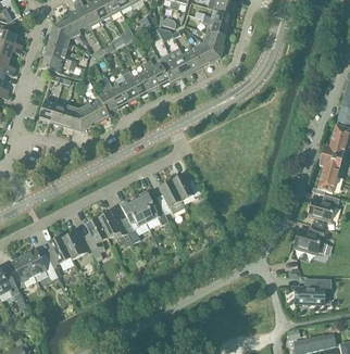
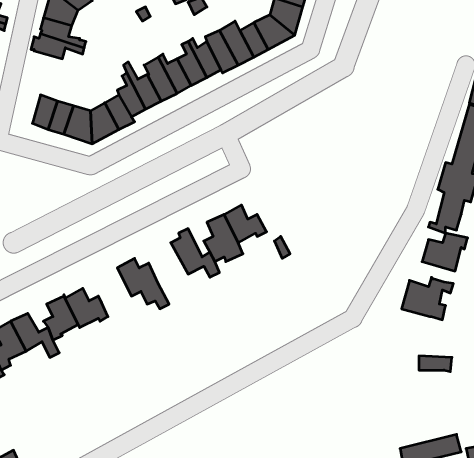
building: [121,200,147,242] -> none
building: [84,217,108,261] -> none
building: [296,287,324,304] -> none

